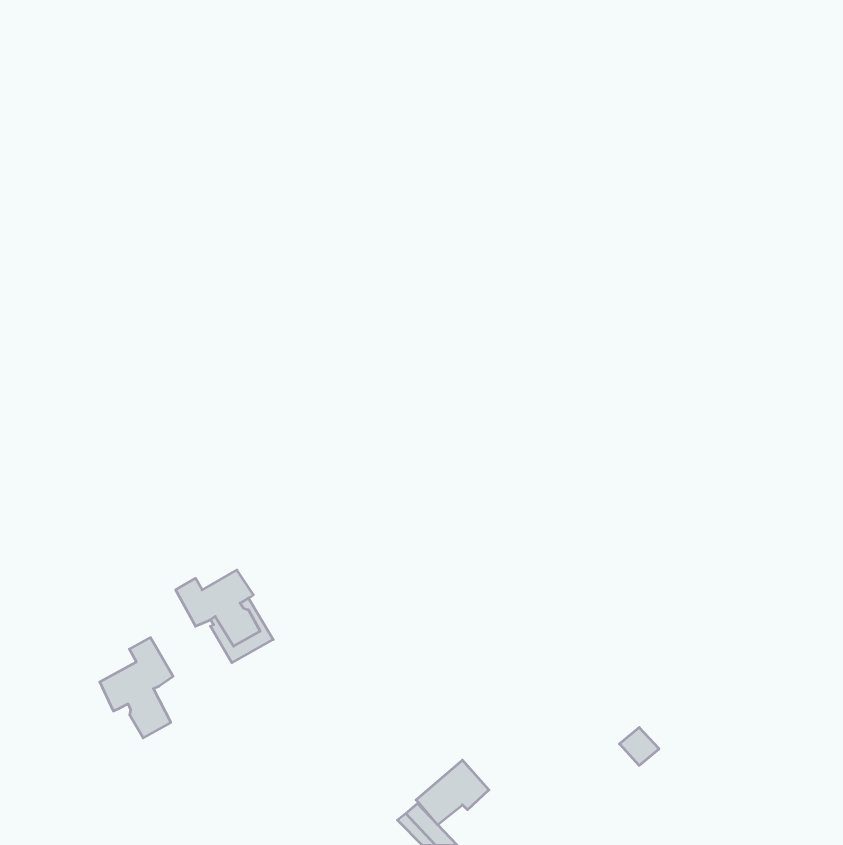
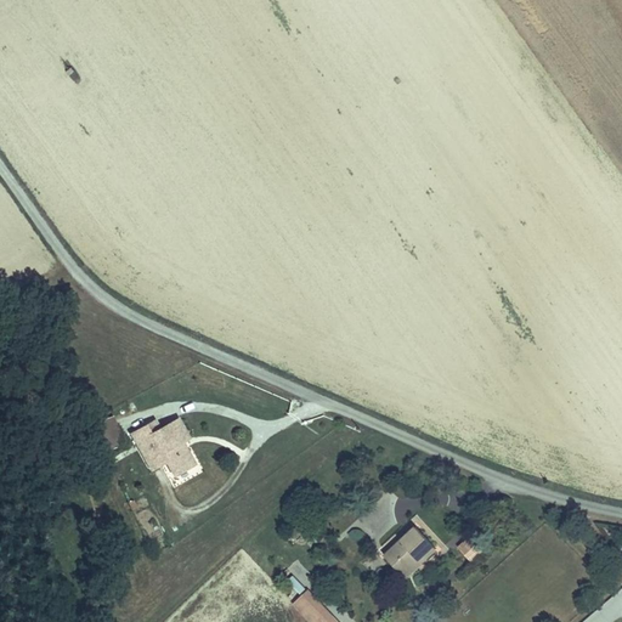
building: [100,638,173,738] -> none
building: [416,760,489,825] -> [381,528,435,576]

